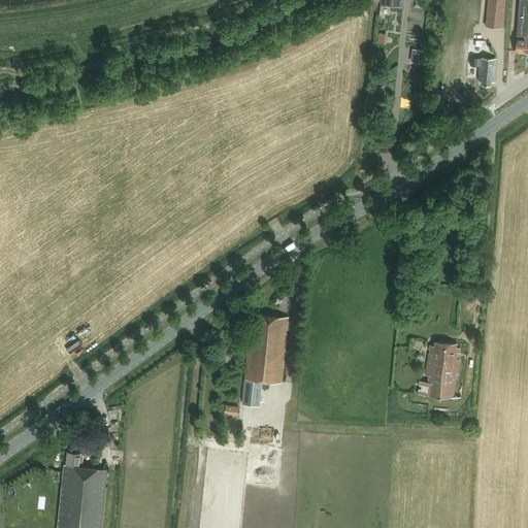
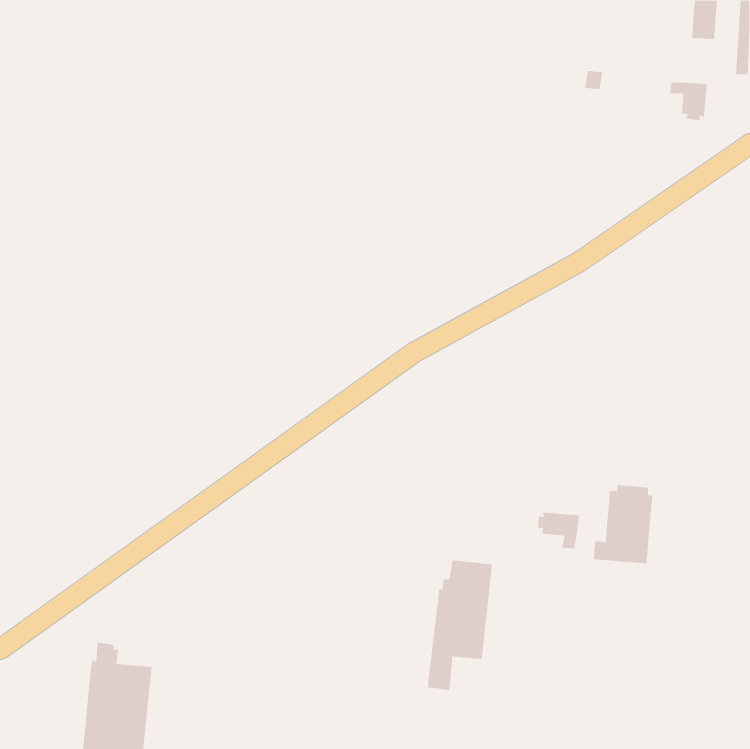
building: [242,314,289,405] -> [427,560,493,690]
building: none -> [538,512,579,549]

